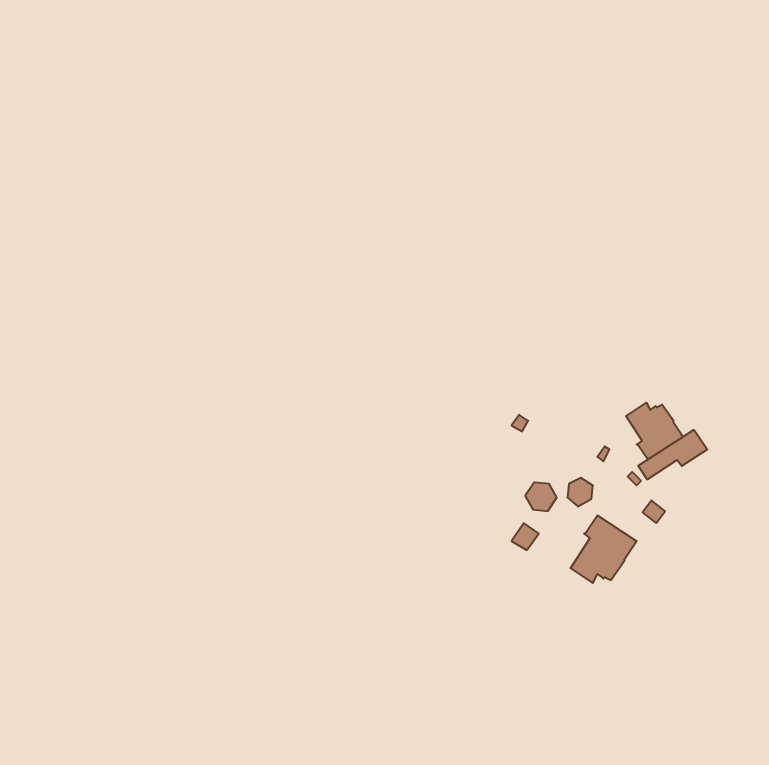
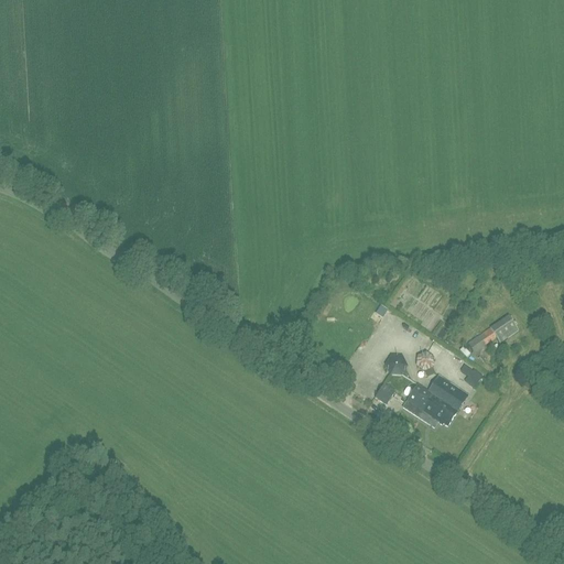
building: [626,403,683,460] -> none
building: none -> [402,383,432,416]

